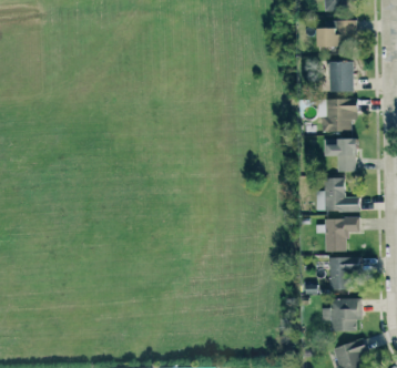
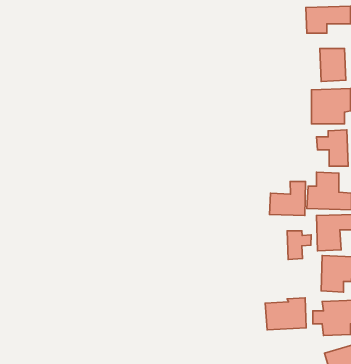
building: none -> [269,182,306,215]
building: none -> [287,231,311,260]
building: none -> [265,298,306,330]

